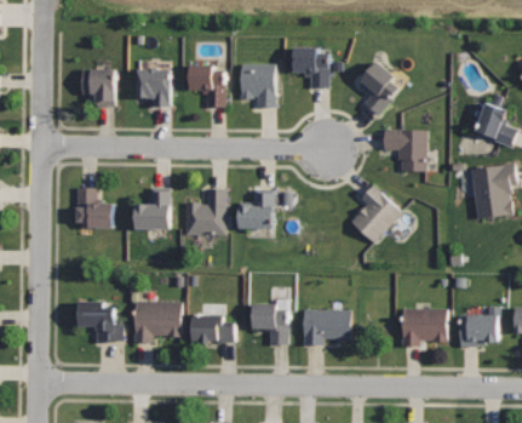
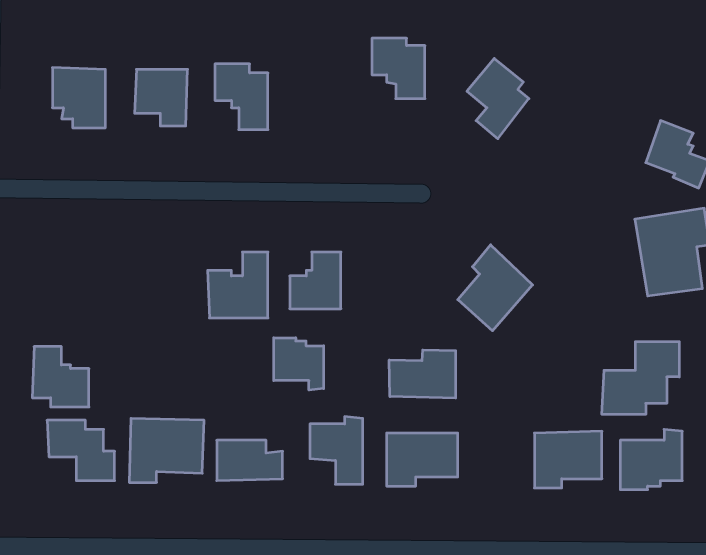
building: [239,63,276,108] -> none
building: [383,130,428,171] -> none
building: [134,188,168,230] -> none
building: [75,189,113,229] -> [32,347,89,407]
building: none -> [274,338,324,390]
building: none -> [602,342,679,414]
building: none -> [389,350,456,398]

